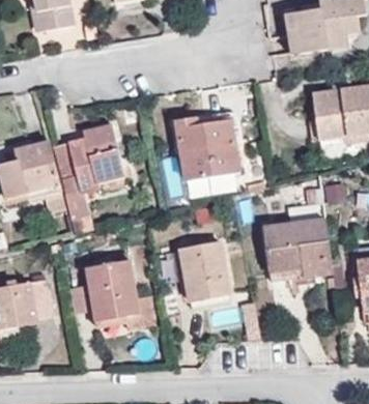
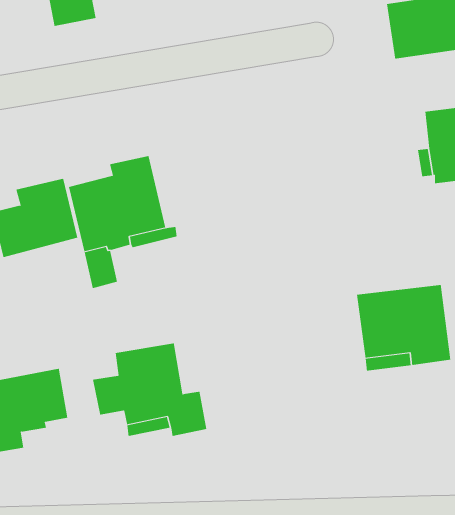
building: [174,117,239,180] -> none
building: [179,241,228,300] -> none

